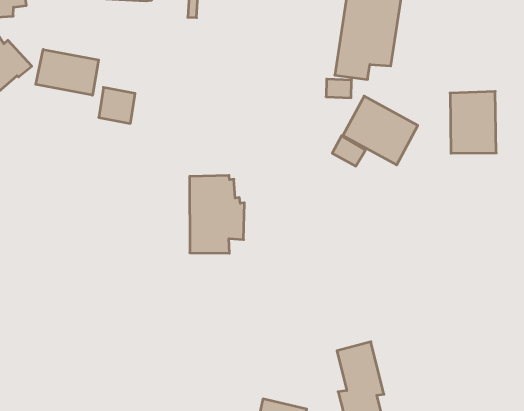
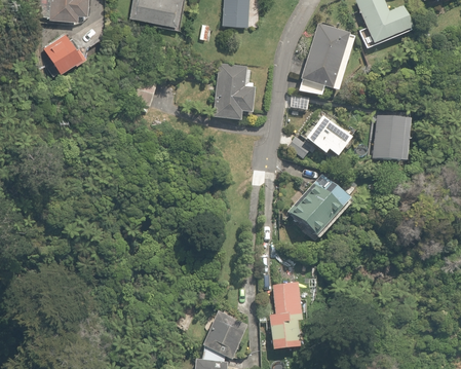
building: [36,49,99,95] -> none
building: [190,175,244,253] -> [214,64,257,121]
building: none -> [289,174,350,236]

